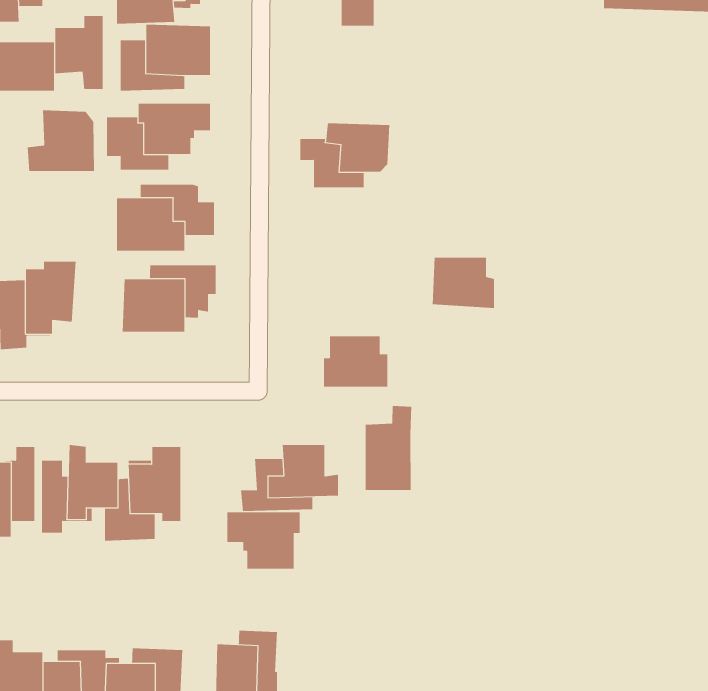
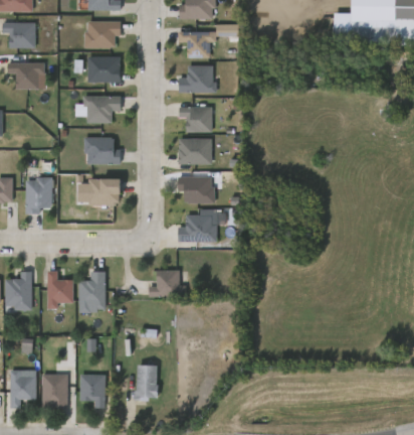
building: [55,15,103,90] -> none
building: none -> [181,64,212,90]
building: [27,109,95,172] -> none
building: none -> [181,137,208,162]
building: [432,257,495,308] -> [180,175,212,201]
building: [365,405,412,491] -> none
building: [227,512,300,569] -> none

